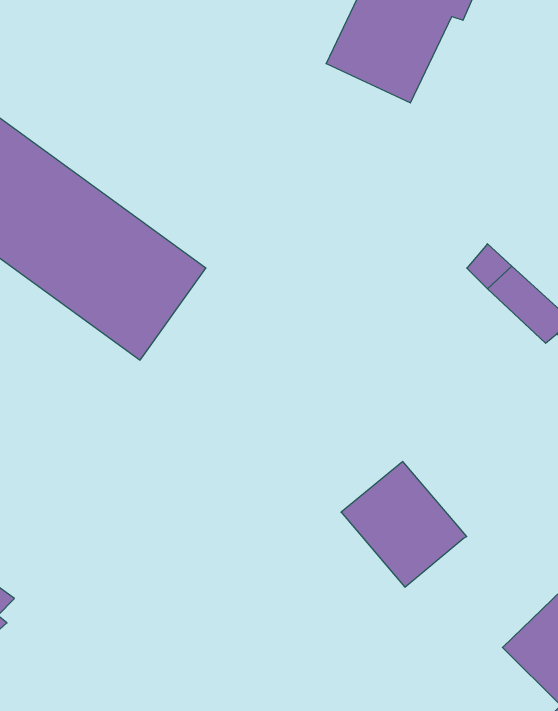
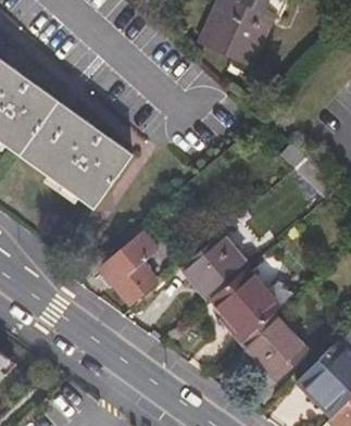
building: none -> [100,230,158,302]
building: none -> [179,235,246,301]
building: none -> [245,315,309,380]

